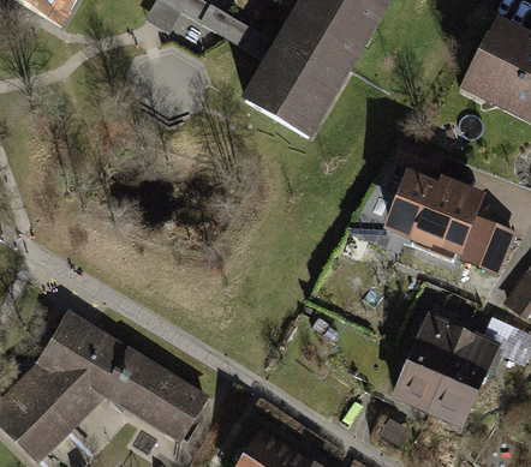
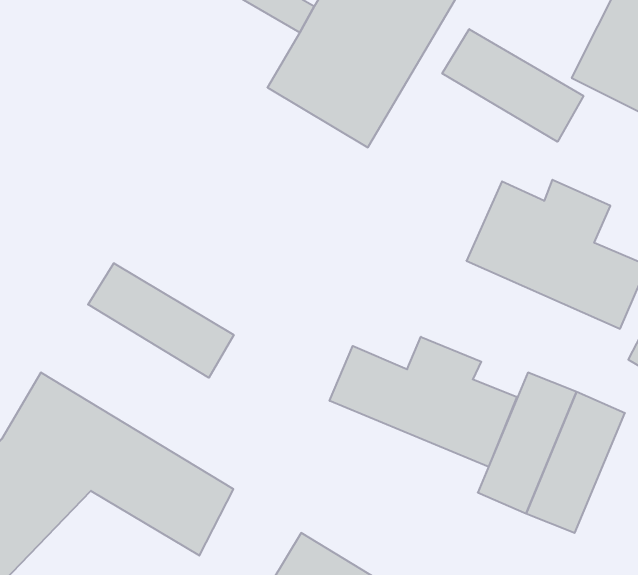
building: none -> [442,29,583,142]
building: none -> [88,263,234,378]
building: none -> [330,337,517,467]

